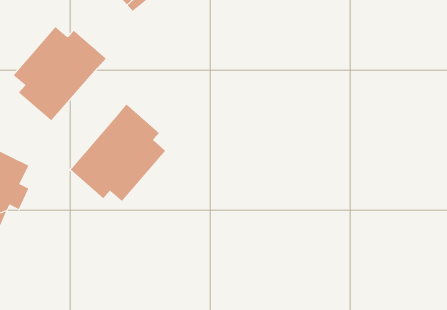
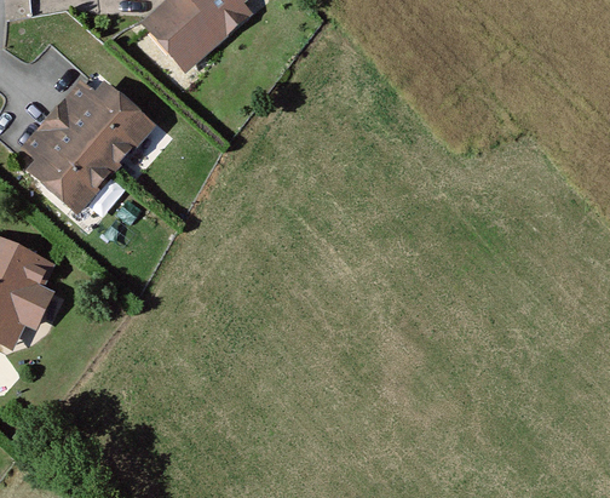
building: [70,103,166,202] -> none

